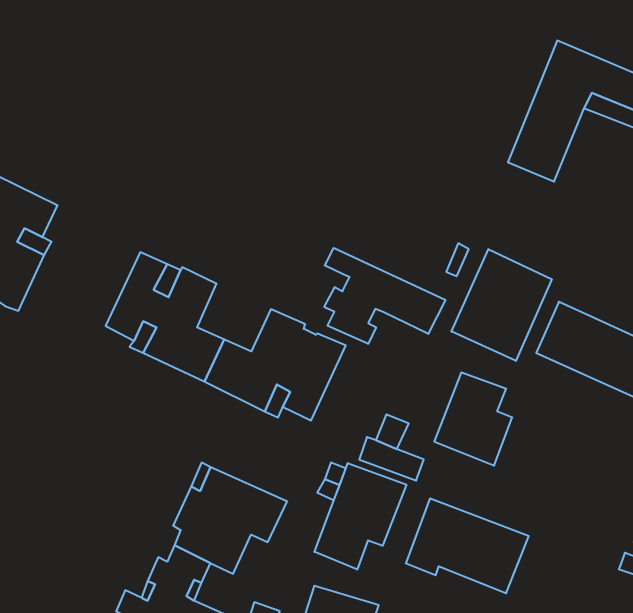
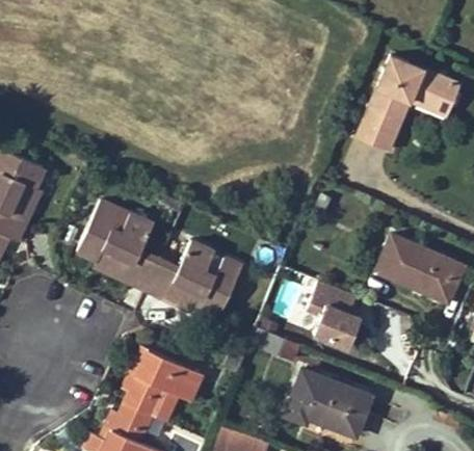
building: [324,248,445,344] -> none
building: [451,249,552,361] -> none
building: [314,463,406,570] -> none

